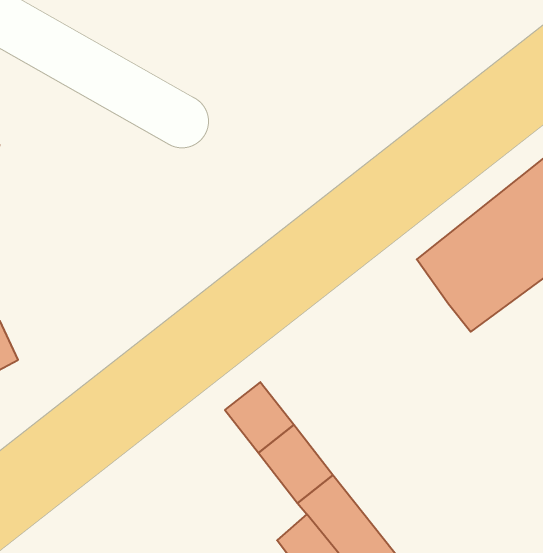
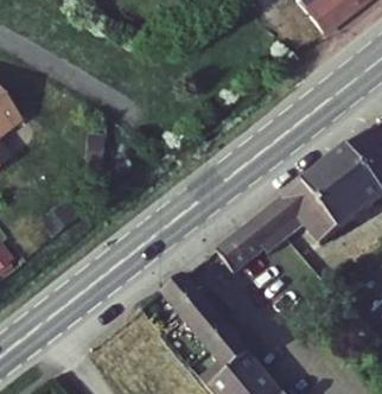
building: none -> [214,193,305,274]

